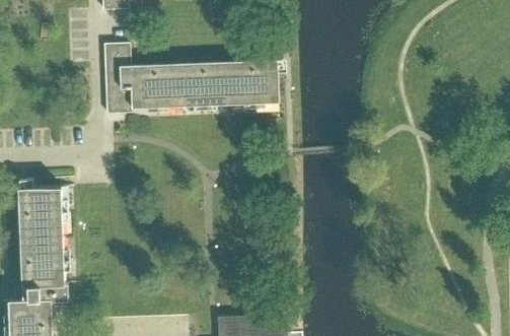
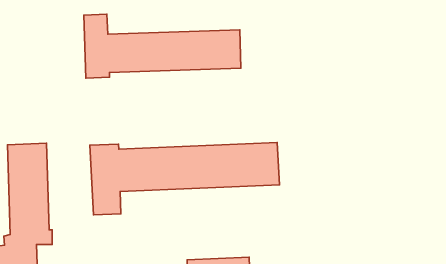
building: none -> [90,142,279,215]

